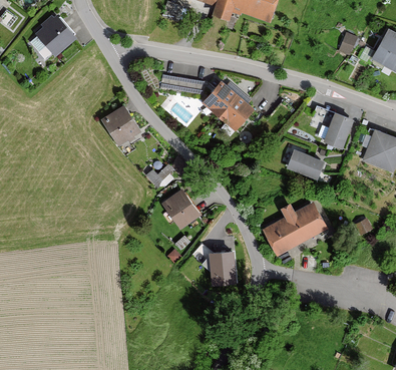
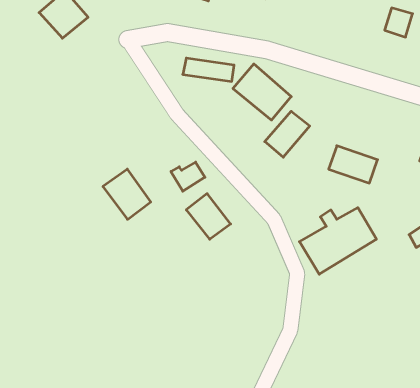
building: [100,105,141,148] -> [103,169,151,219]
building: [325,108,354,142] -> none
building: none -> [265,111,310,157]
building: [211,247,239,283] -> none

